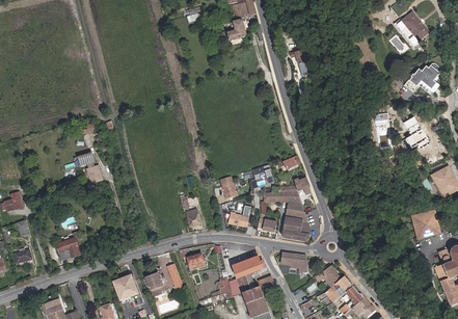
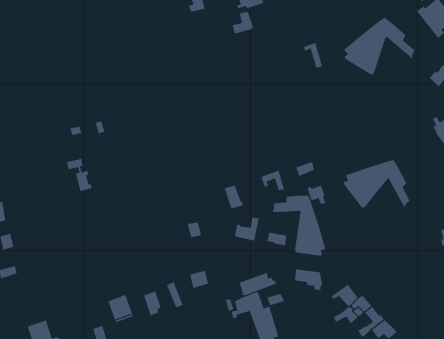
building: none -> [343,17,415,75]
building: none -> [343,159,410,208]
building: [54,236,82,260] -> none

